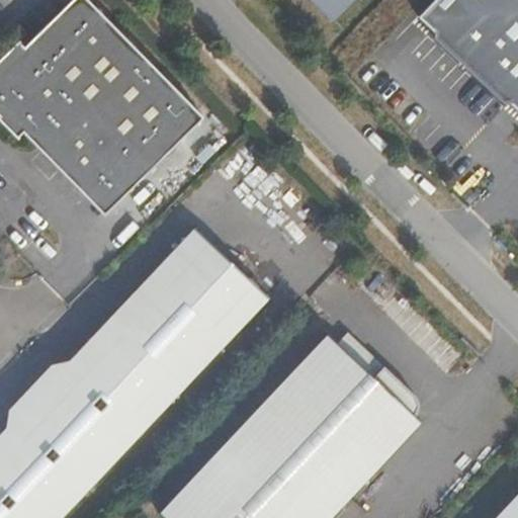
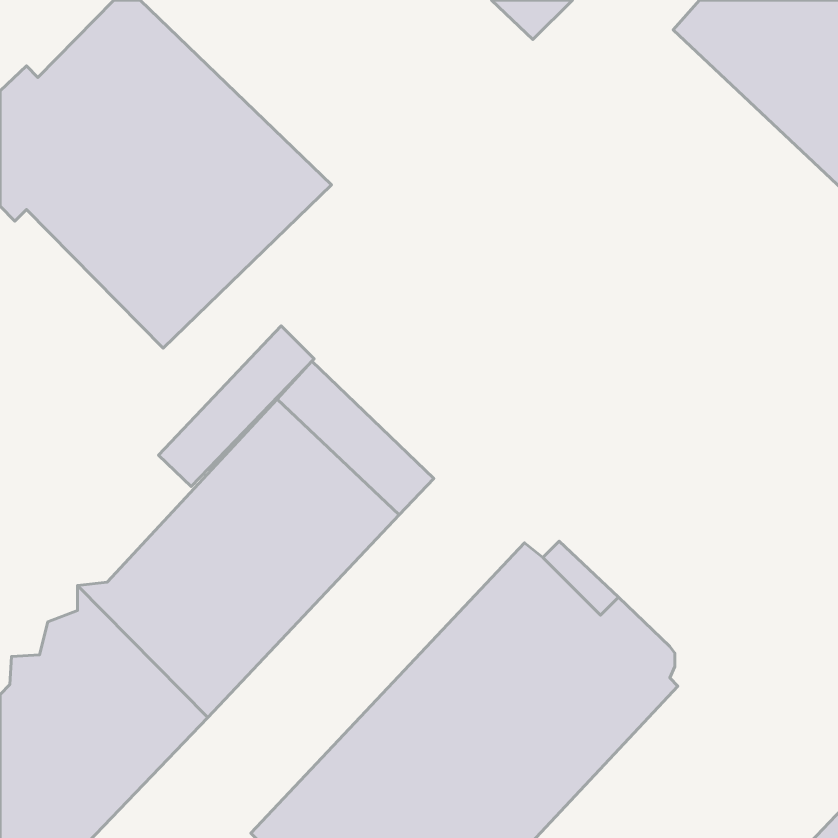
building: none -> [158,326,314,487]

